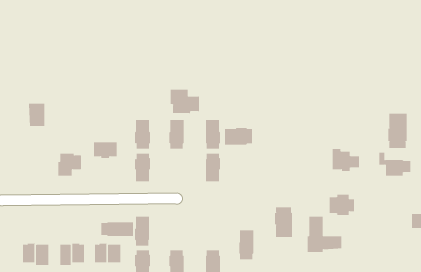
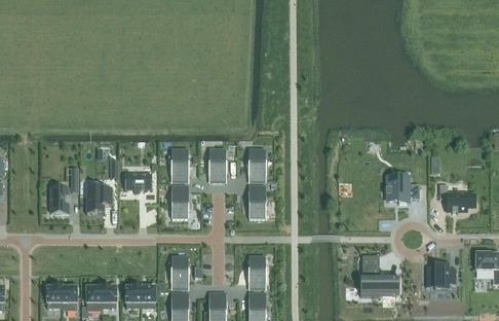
building: [170,89,200,115] -> none
building: [28,103,45,127] -> [50,186,69,212]
building: [388,113,407,149] -> none
building: [224,127,252,145] -> none
building: [329,194,355,215] -> [426,263,455,287]
building: [275,206,293,238] -> none
building: [101,221,134,237] -> none
building: [238,230,254,260] -> [248,255,266,288]

